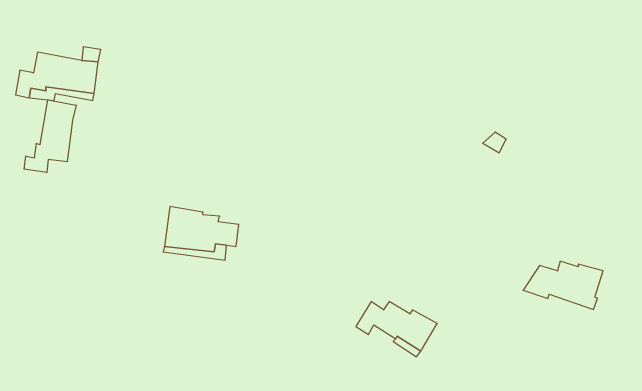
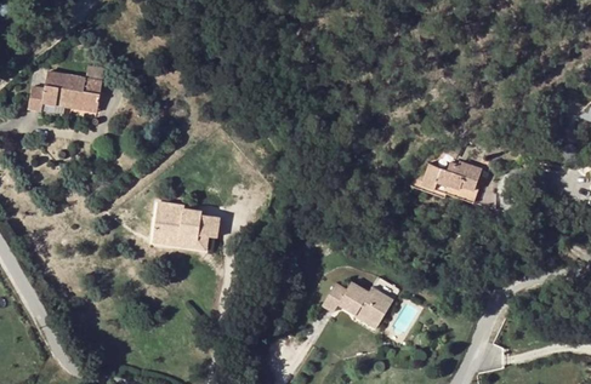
building: [24,100,76,173] -> none
building: [523,261,603,309] -> [410,157,481,200]

